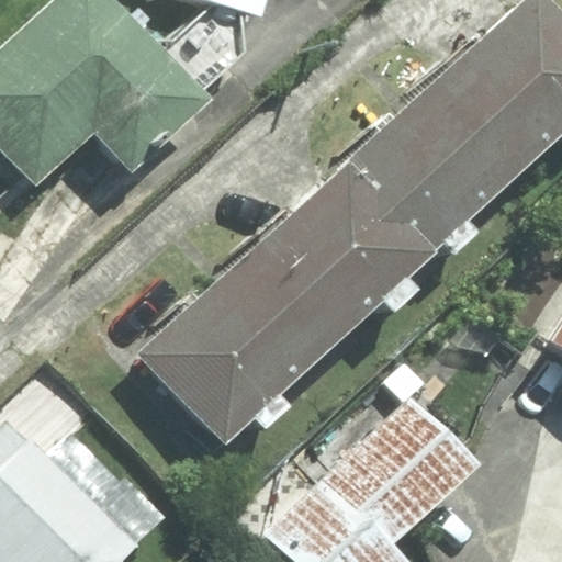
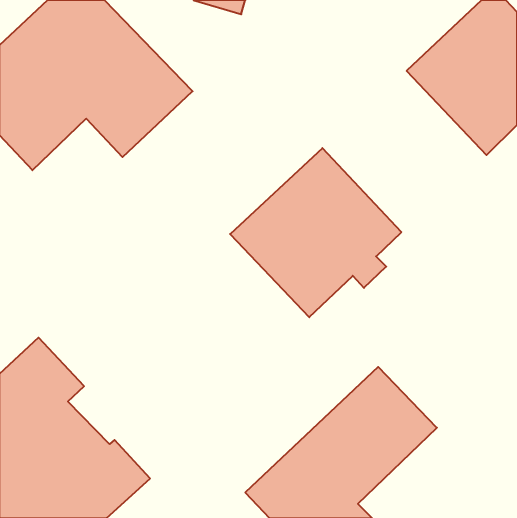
building: [349,77,527,256] -> none
building: [142,254,335,442] -> none

